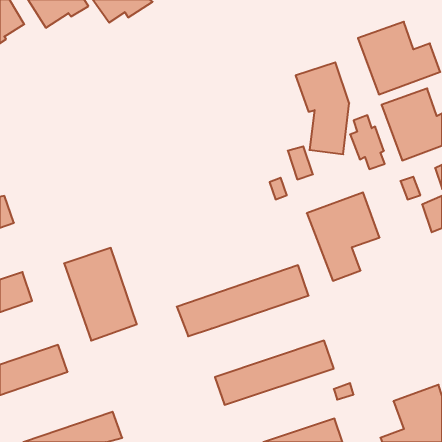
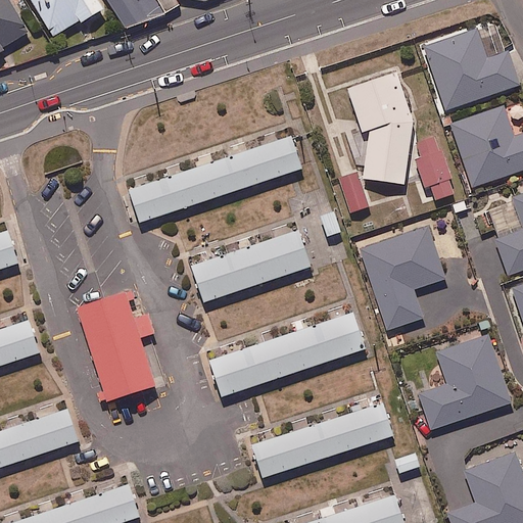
building: none -> [132,135,302,224]
building: none -> [189,228,308,301]
building: none -> [418,336,510,428]

